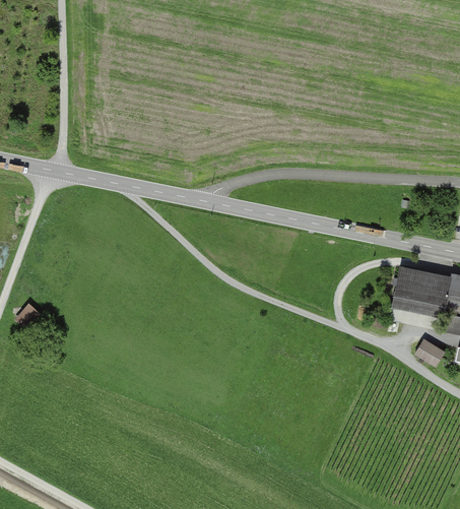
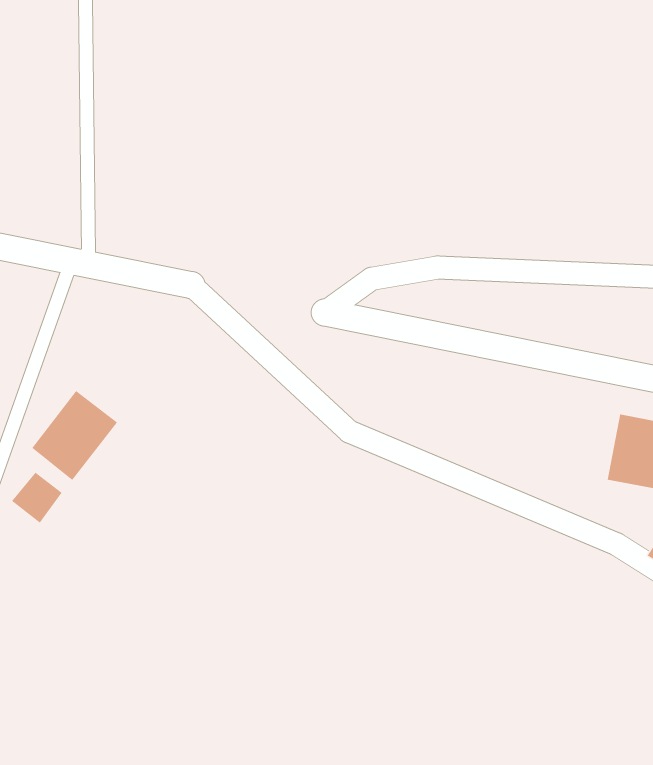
building: none -> [31,390,118,481]

